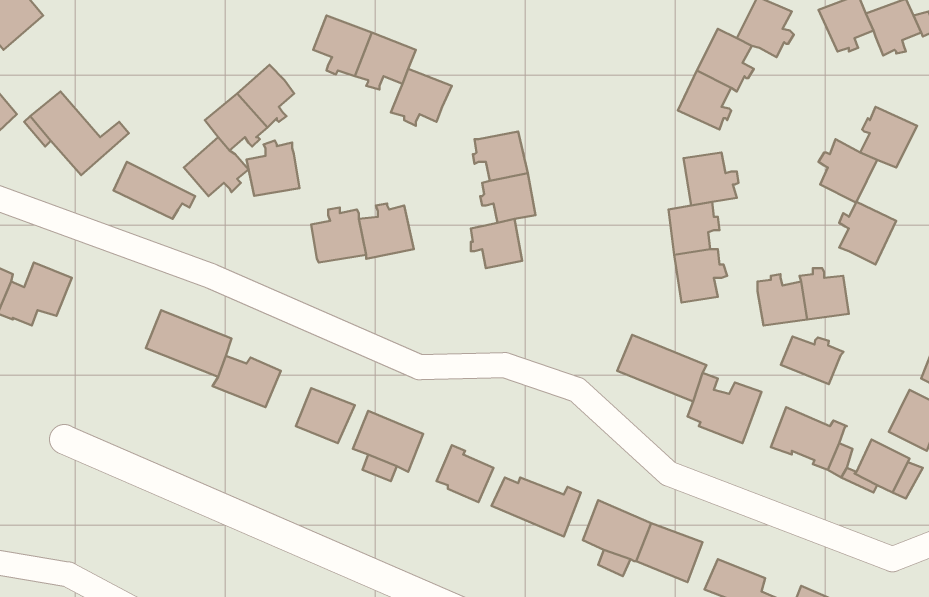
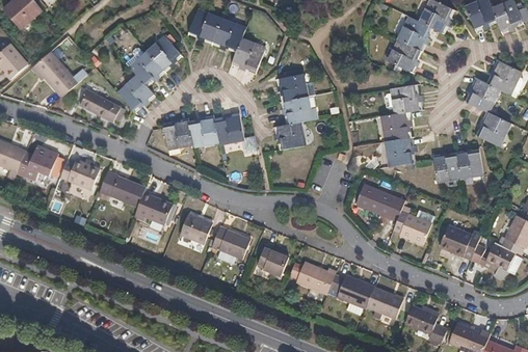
building: [246,141,300,196] -> [162,117,191,147]
building: none -> [59,160,99,190]
building: [781,336,843,384] -> none

